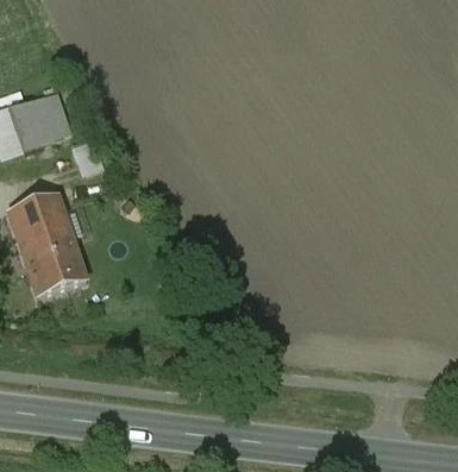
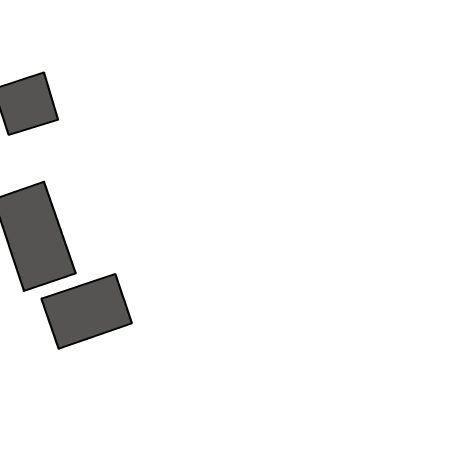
building: none -> [42,274,132,349]

